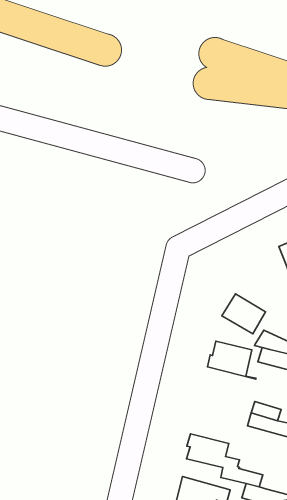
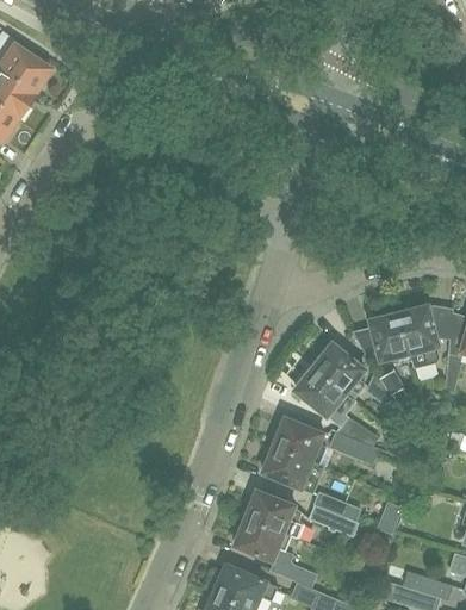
building: none -> [315,343,365,392]
building: none -> [263,444,324,492]
building: none -> [242,490,303,539]

